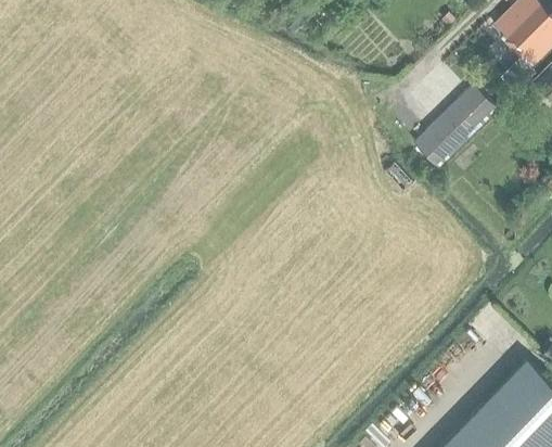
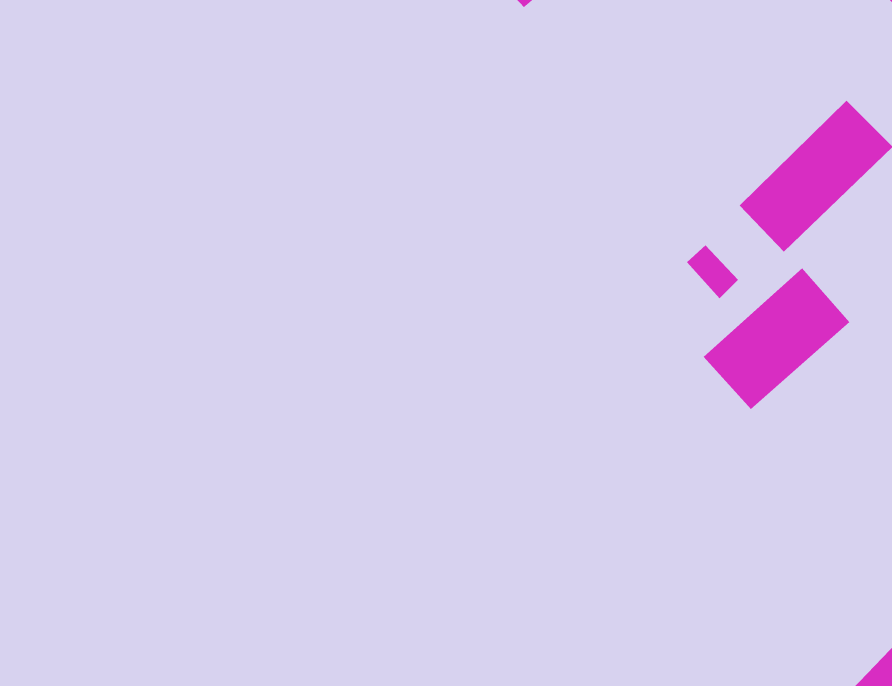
building: none -> [703,267,850,410]

